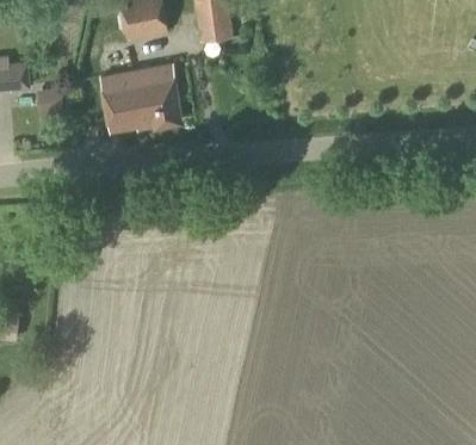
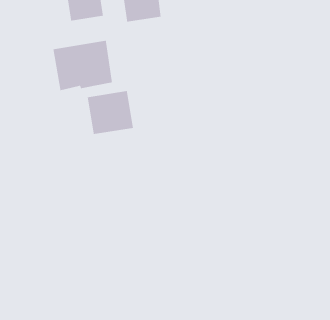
building: none -> [87,90,134,135]

